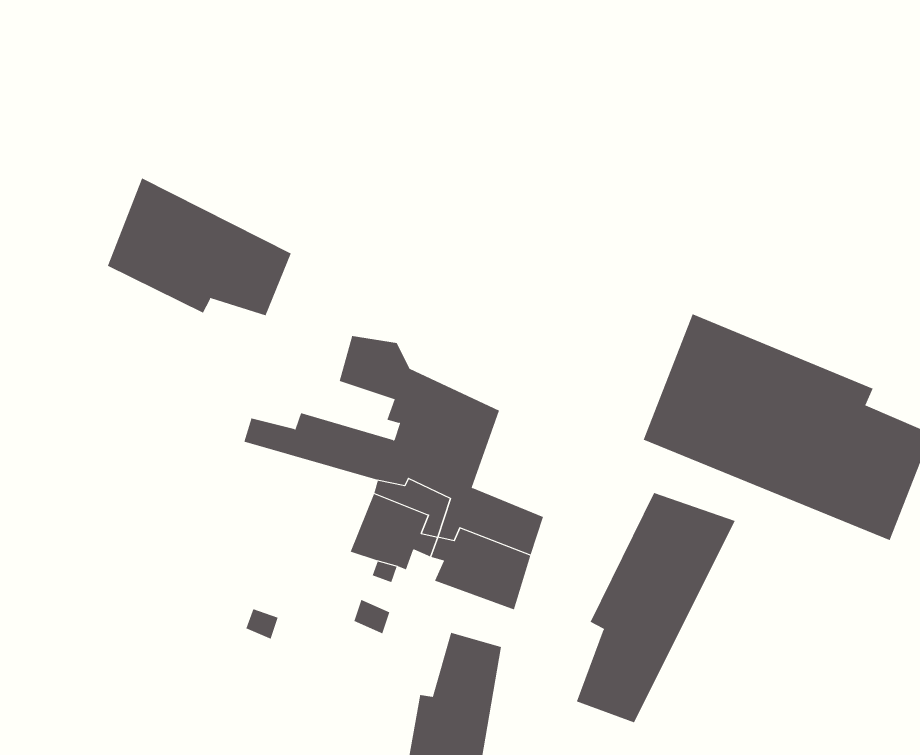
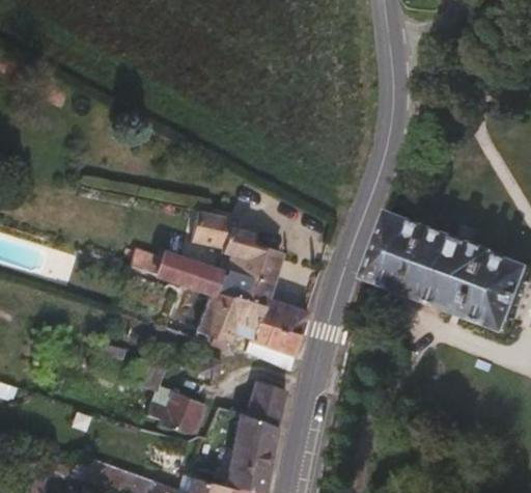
building: [107,178,291,316] -> none
building: [576,492,736,723] -> none
building: none -> [146,394,204,436]

